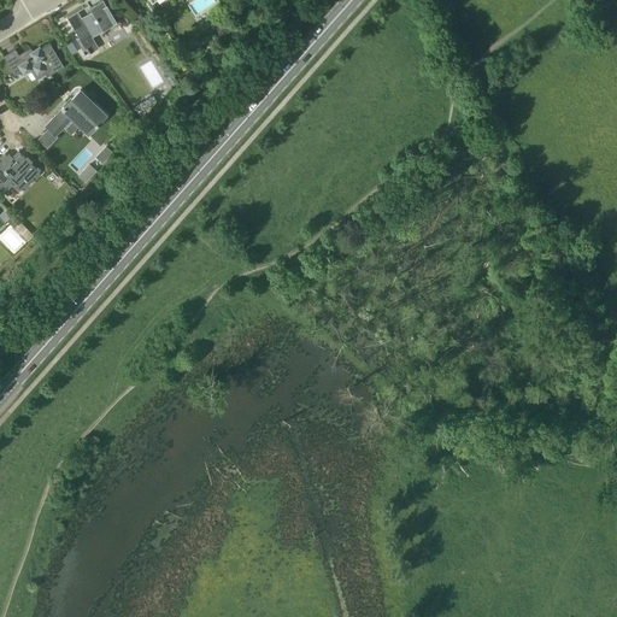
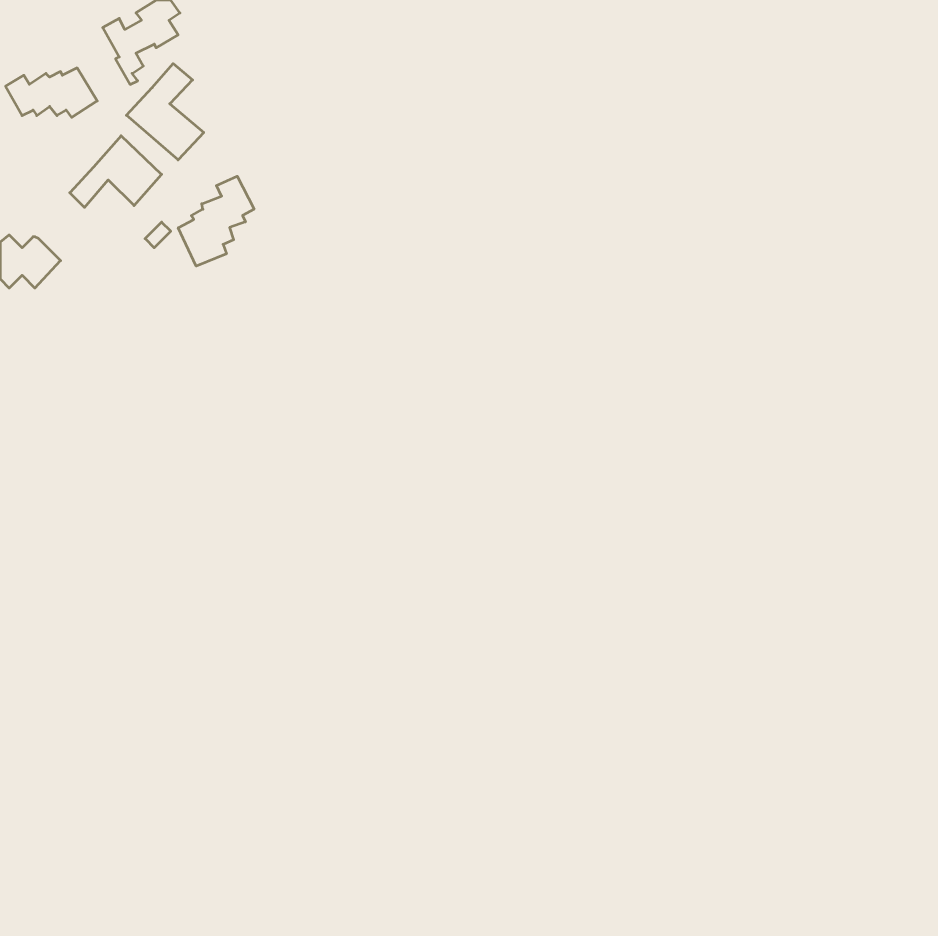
building: none -> [126,64,204,160]
building: none -> [178,176,254,266]

